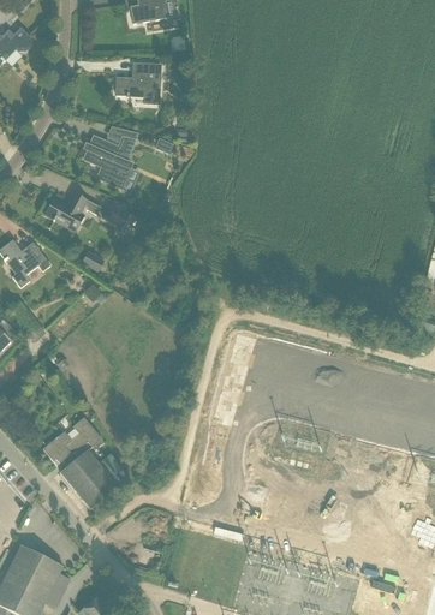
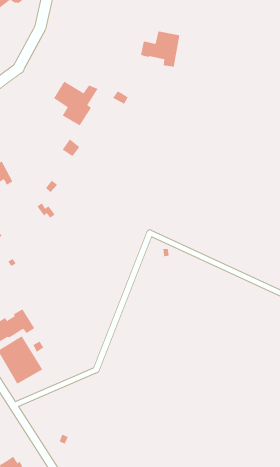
building: [115,61,160,102] -> [140,31,180,67]
building: [43,191,100,229] -> none

